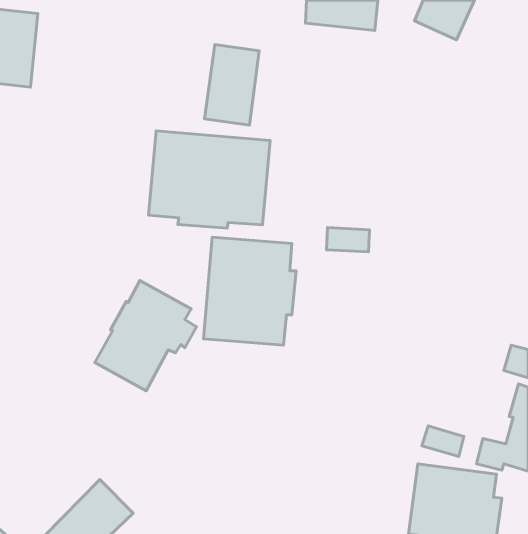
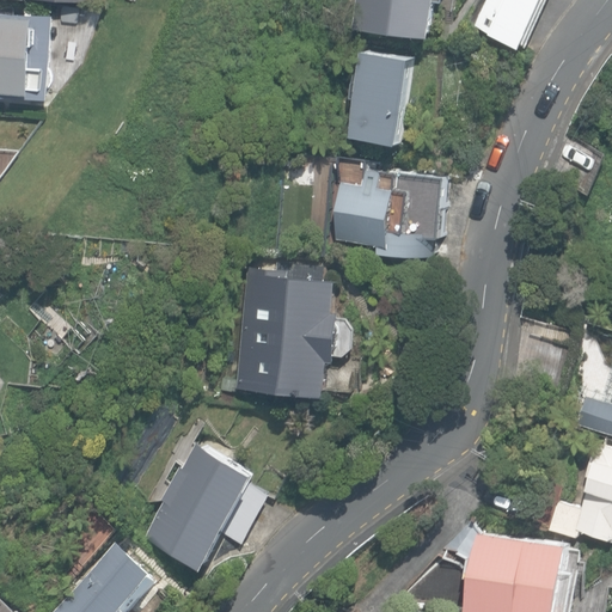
building: [204,44,259,125] -> [356,47,418,139]
building: [148,131,270,228] -> none
building: none -> [330,171,443,257]
building: [95,281,197,391] -> [143,441,259,567]

